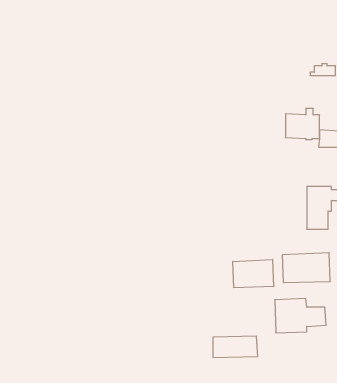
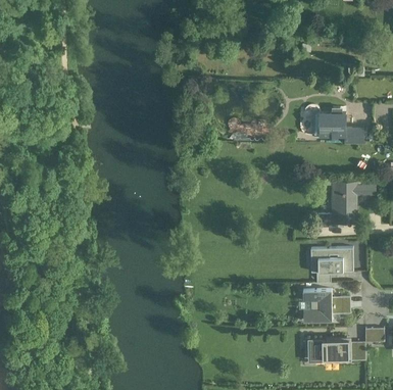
building: [233,259,274,288] -> none
building: [213,336,258,357] -> [307,341,350,361]

